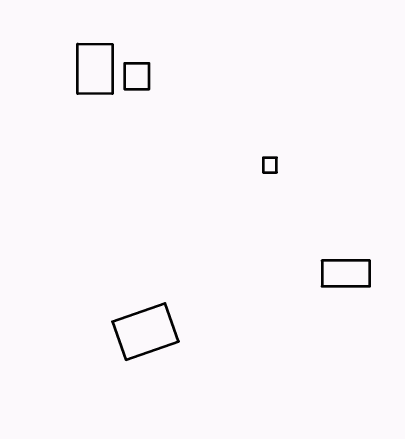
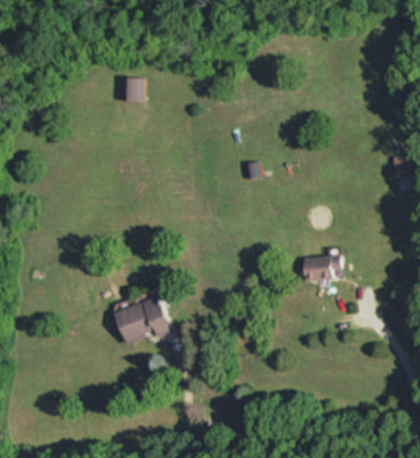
building: [78,44,112,94] -> none

